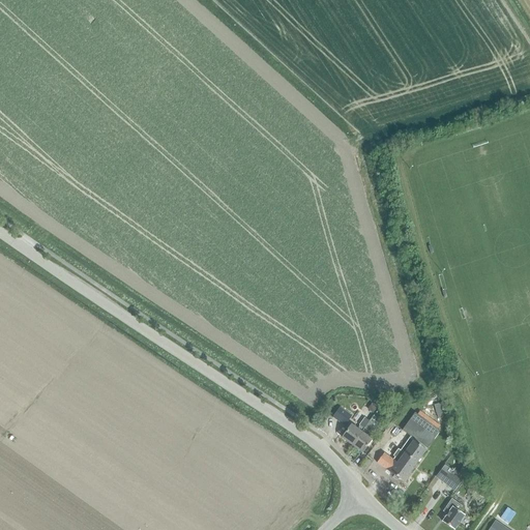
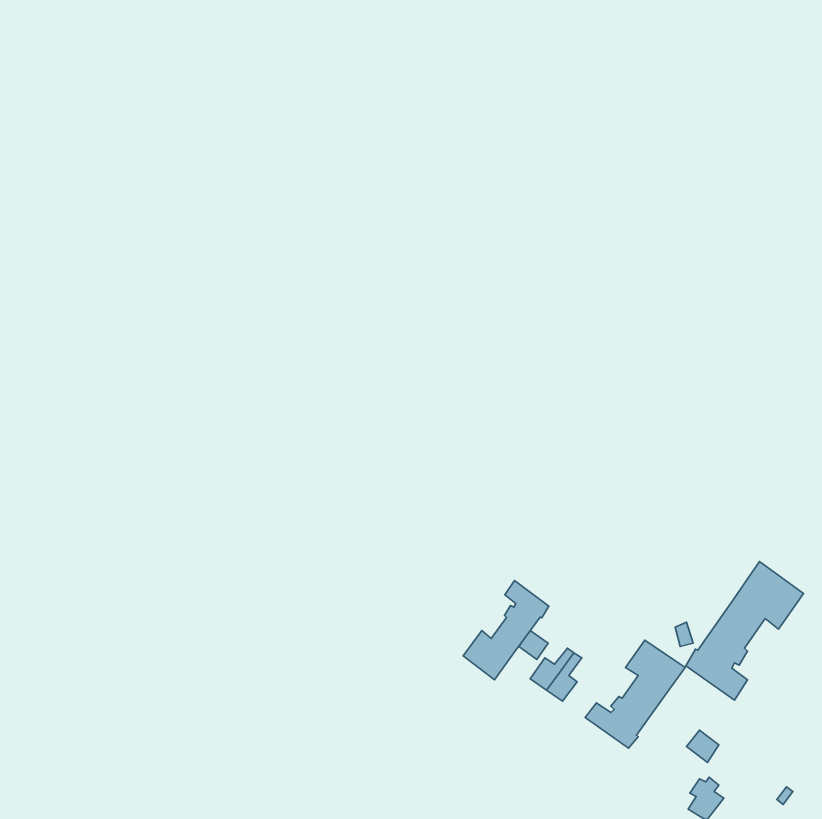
building: none -> [686,561,803,700]
building: none -> [463,581,549,680]

